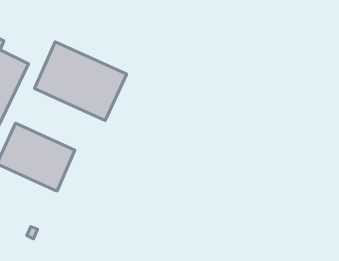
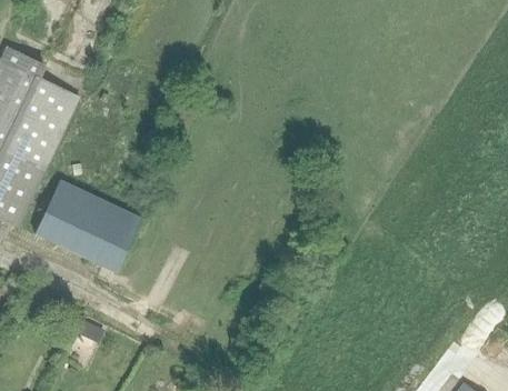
building: [34,42,127,120] -> none

